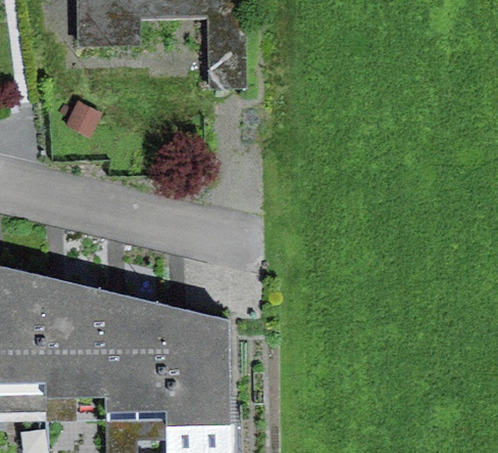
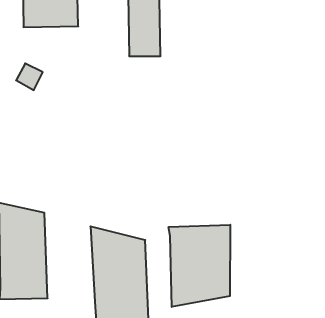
building: [101,288,165,409] -> none
building: none -> [169,225,230,307]

